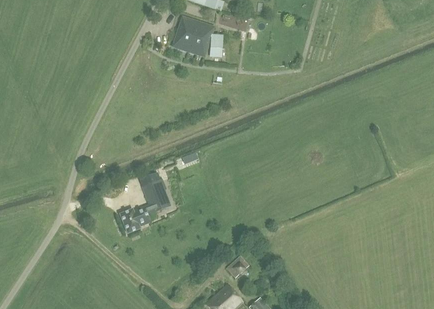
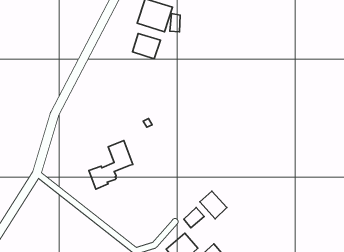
building: none -> [133,33,161,59]
building: none -> [200,191,227,219]

